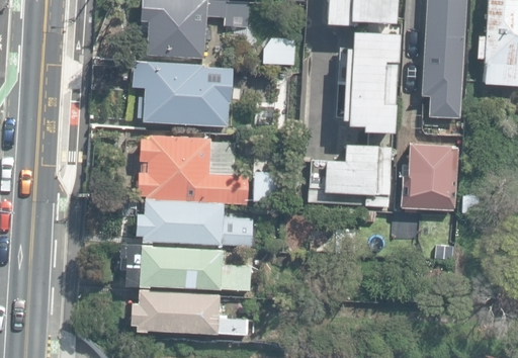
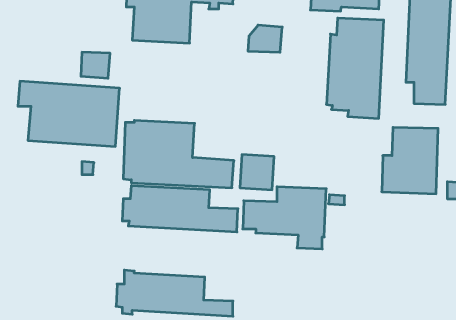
building: [133,63,235,128] -> [18,81,120,146]
building: [311,146,395,208] -> [243,187,326,249]
building: [119,242,252,290] -> none

